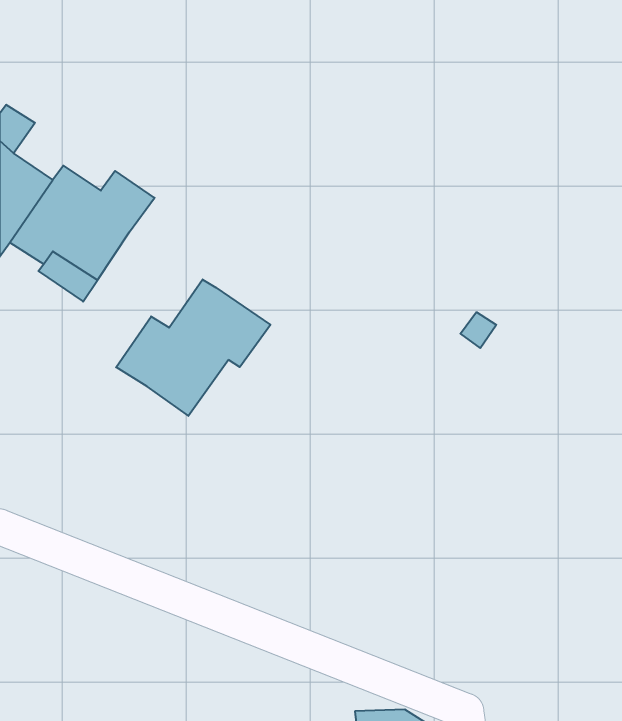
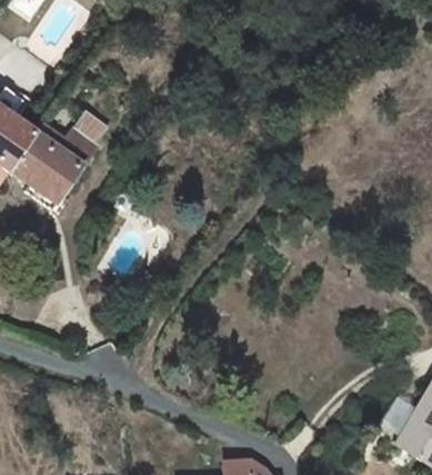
building: [116,279,270,416] -> none

